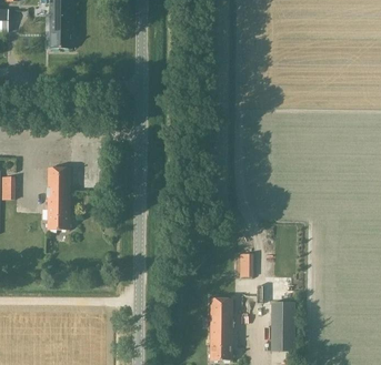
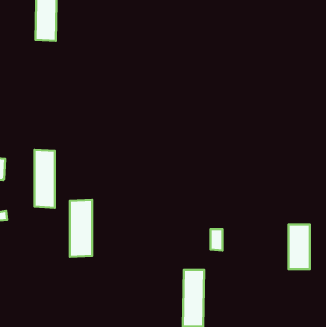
building: none -> [70,200,92,257]
building: [271,302,294,351] -> [288,225,310,269]

